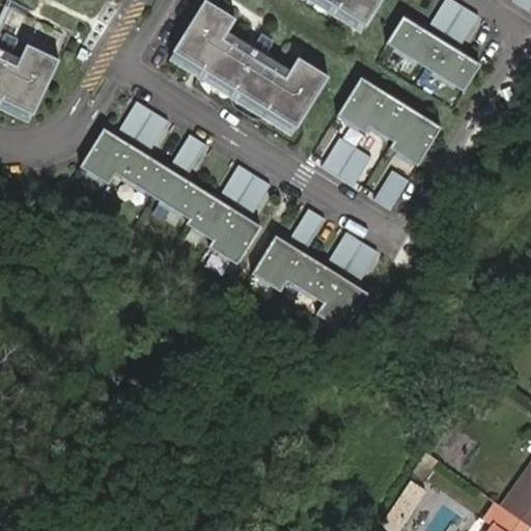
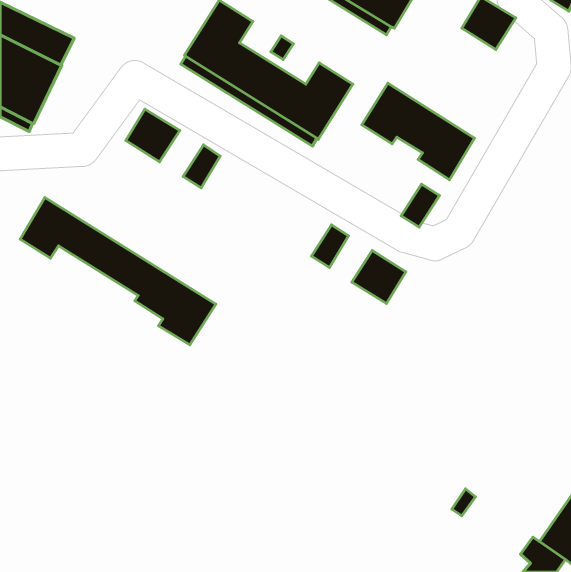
building: [387,17,480,91] -> none
building: [81,128,261,263] -> [20,198,216,345]
building: [322,137,371,186] -> none
building: [221,164,271,214] -> none
building: [252,234,368,331] -> none

